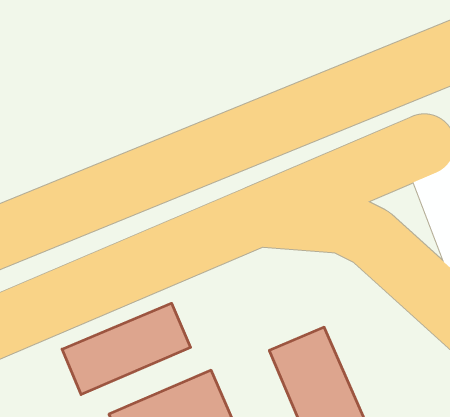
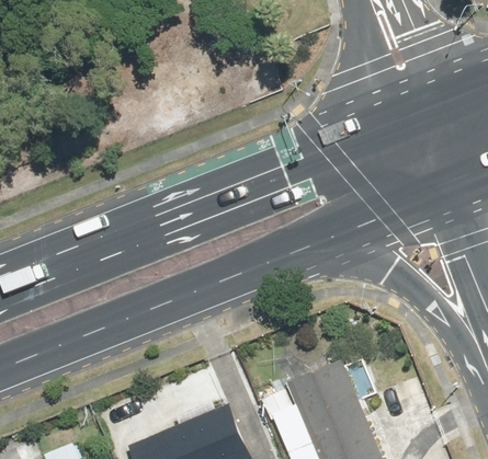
building: [62,303,191,395] -> none

